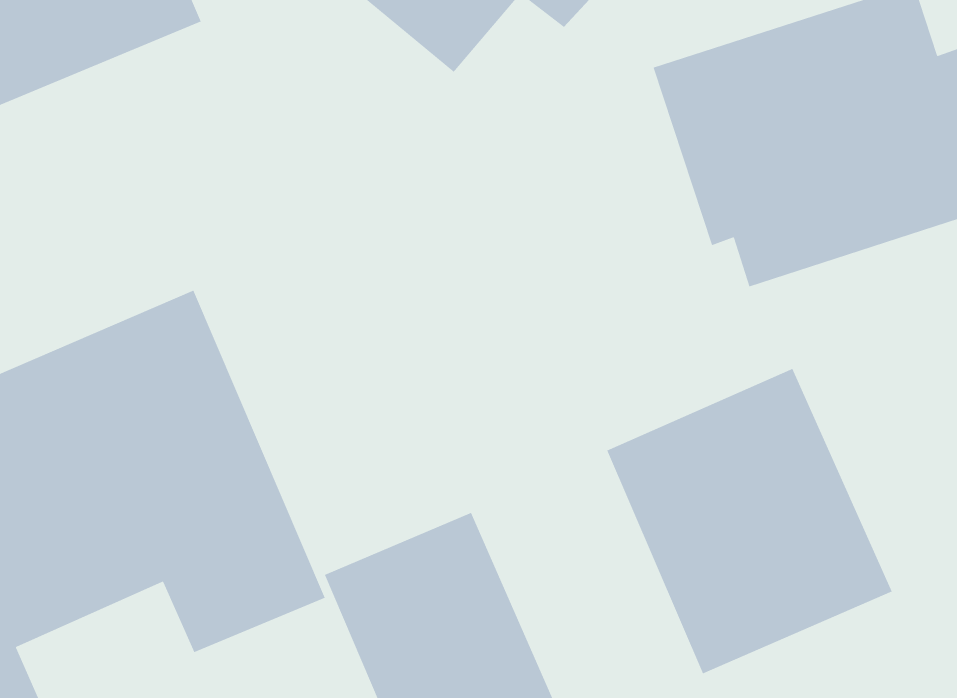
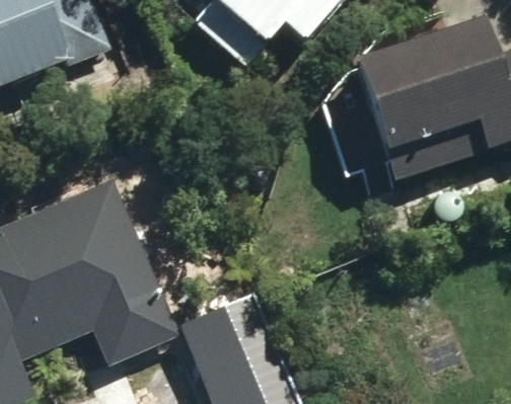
building: [606,368,893,674] -> none

